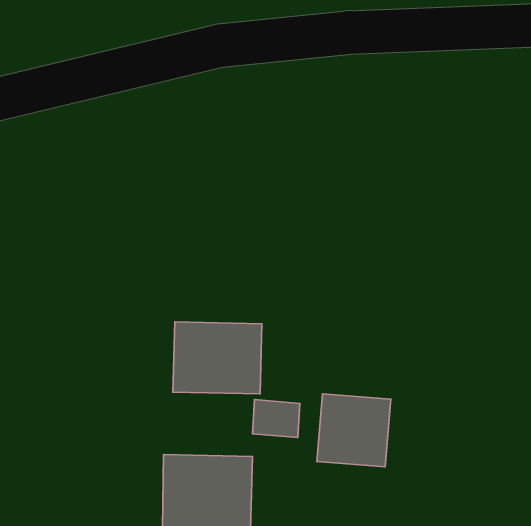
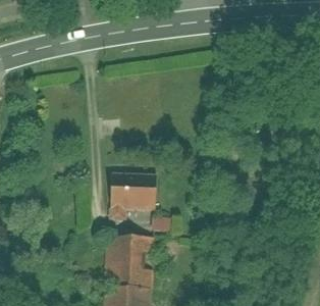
building: [317,394,391,467] -> none

